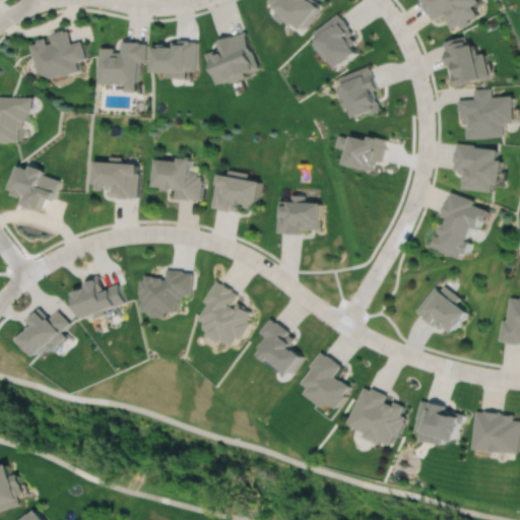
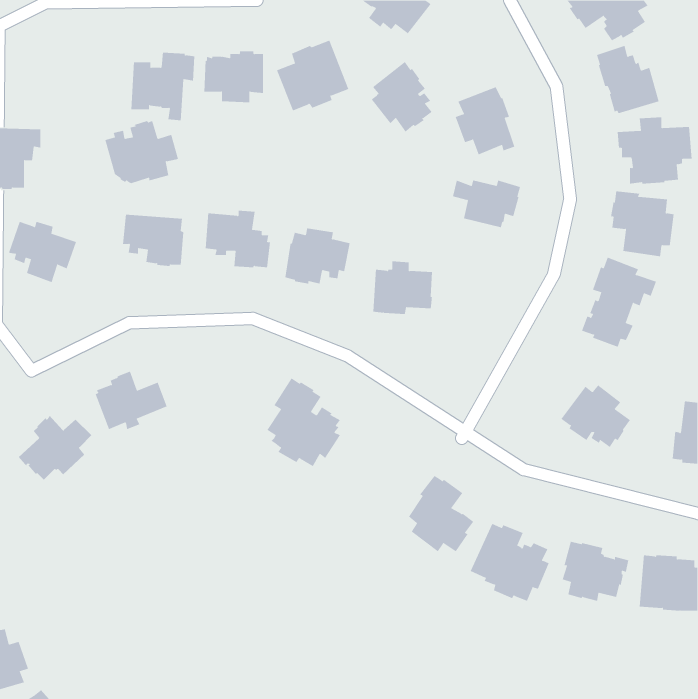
building: [312,13,358,66] -> [371,61,433,132]
building: [30,30,85,77] -> [105,121,179,184]
building: [138,270,191,318] -> none
building: [256,320,304,375] -> none

